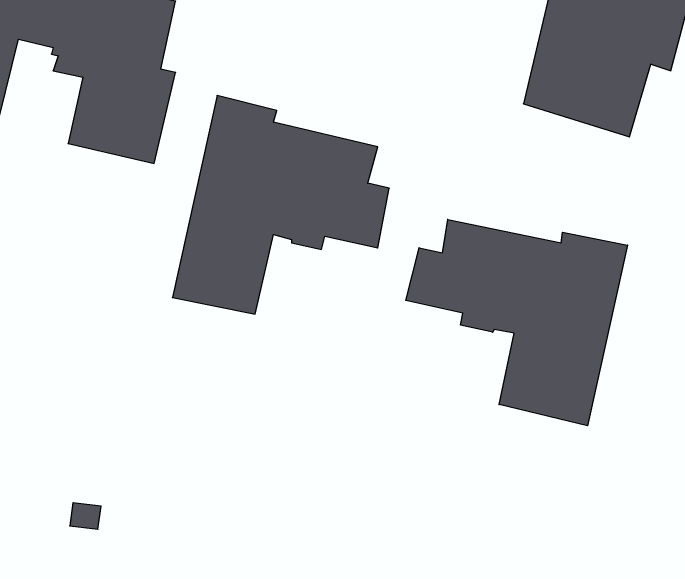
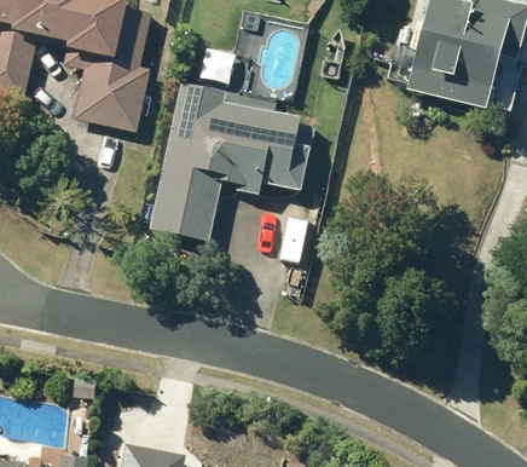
building: [406,219,628,426] -> none

